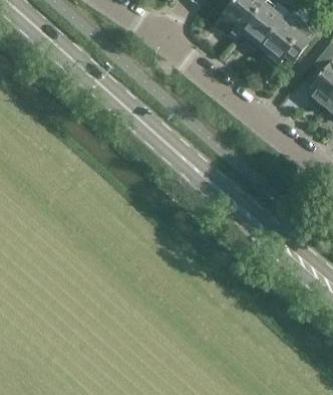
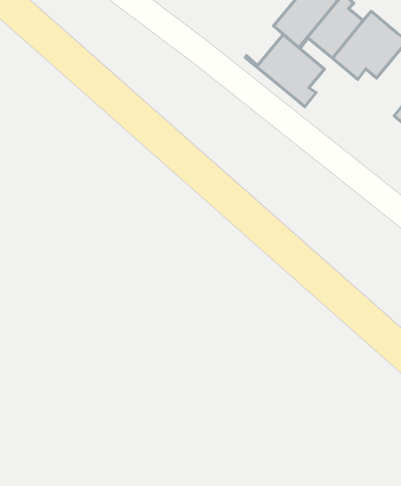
building: none -> [245,34,325,107]

